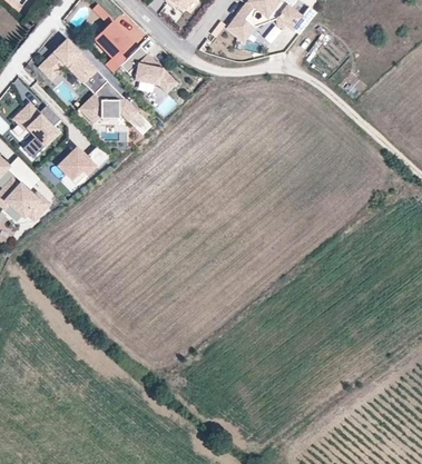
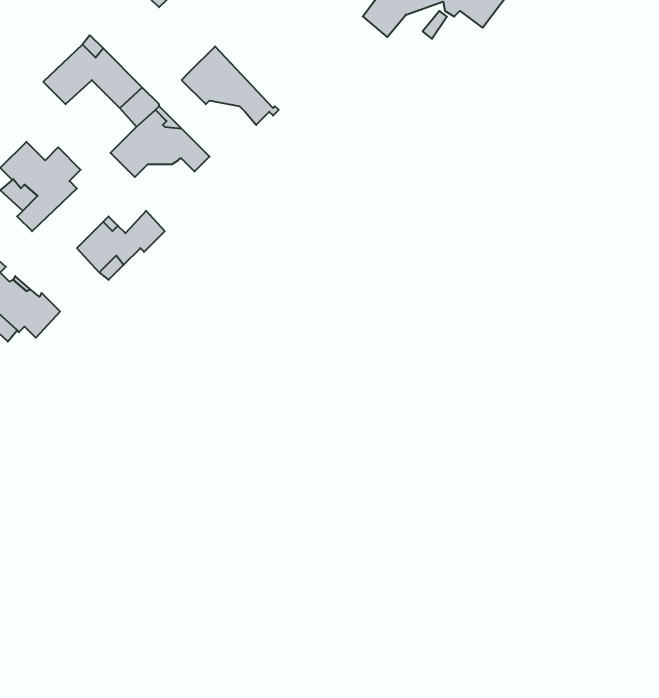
building: [96,23,130,72] -> none

